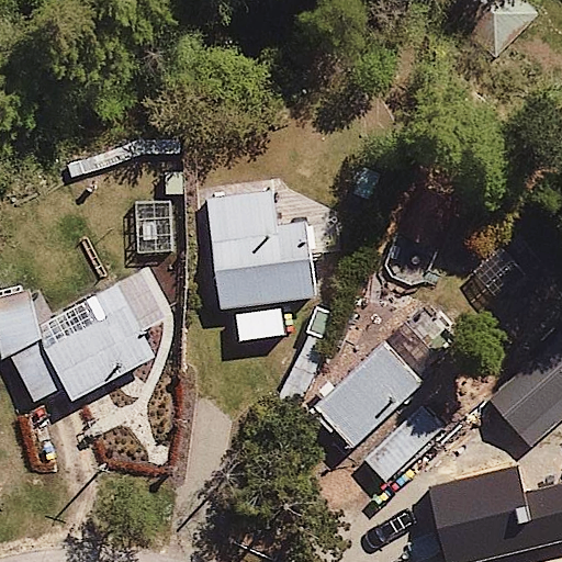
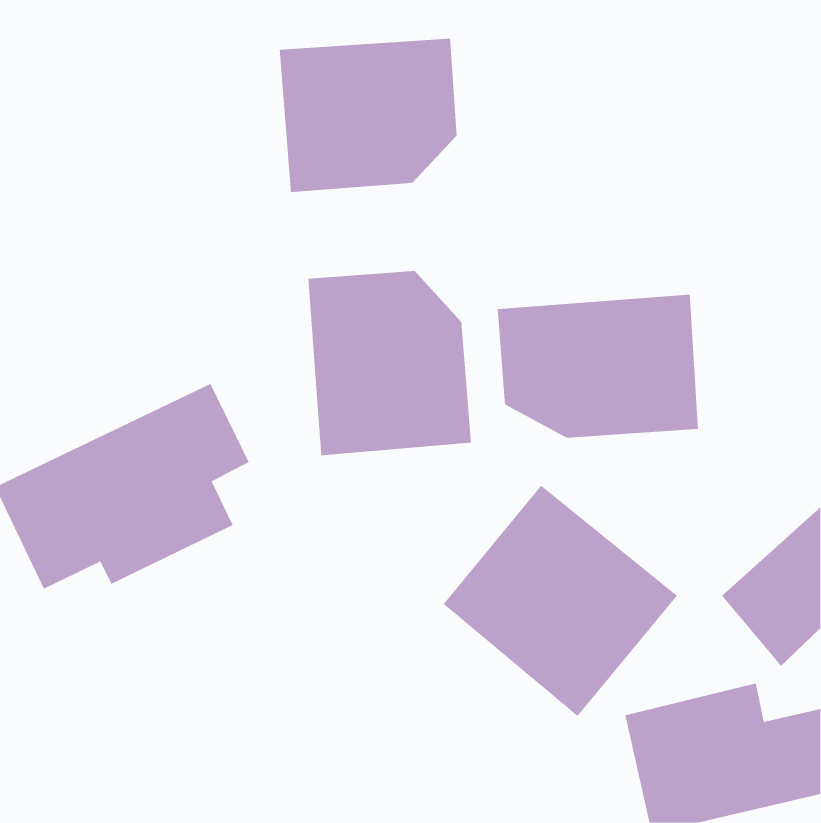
building: none -> [279,38,457,193]
building: none -> [497,294,698,439]

